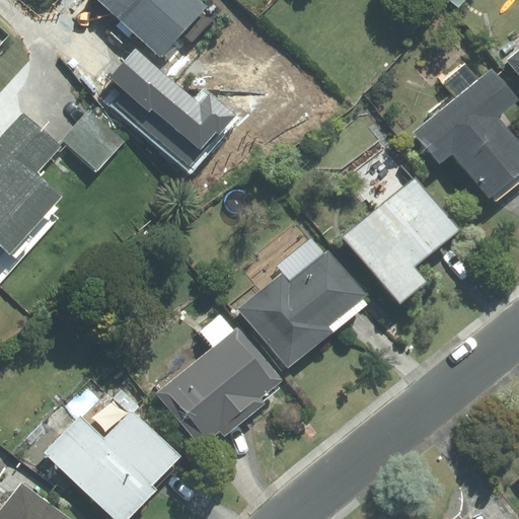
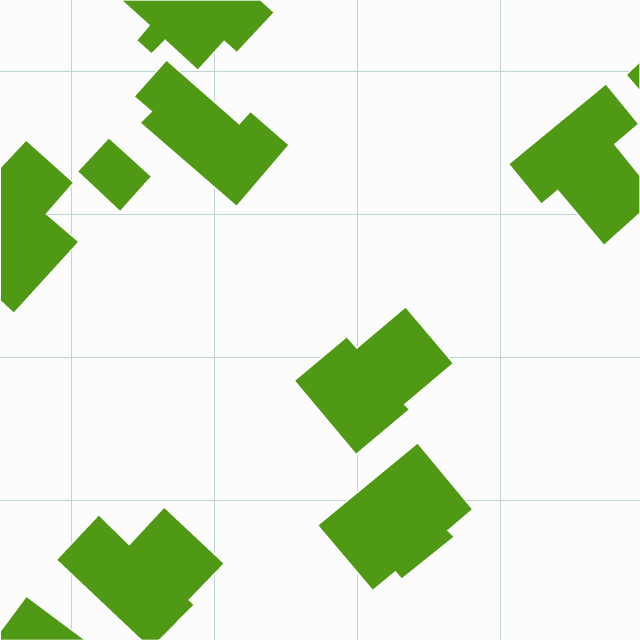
building: [341,174,461,304] -> none
building: [156,326,282,446] -> [318,443,473,591]

